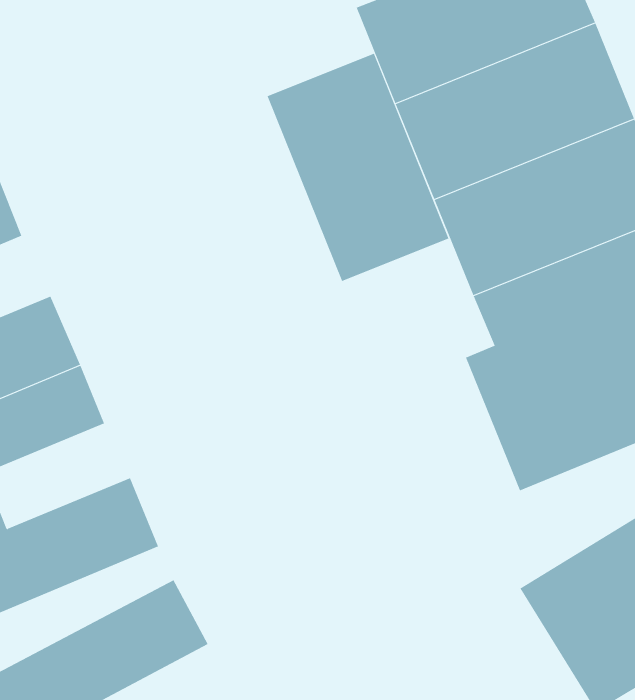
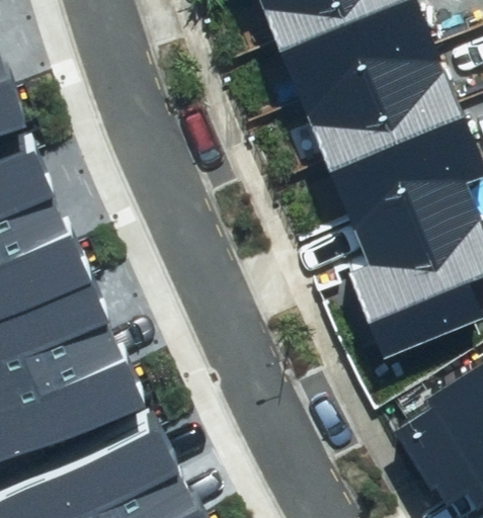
building: [267,53,449,282] -> none

